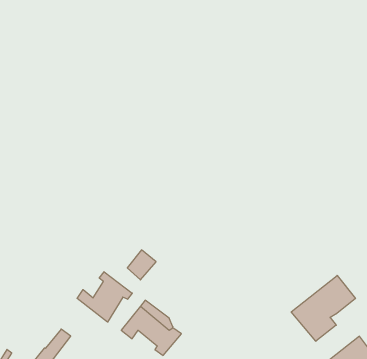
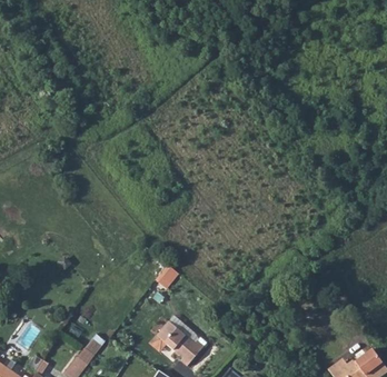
building: [77,272,132,322] -> none
building: [291,275,355,341] -> none

